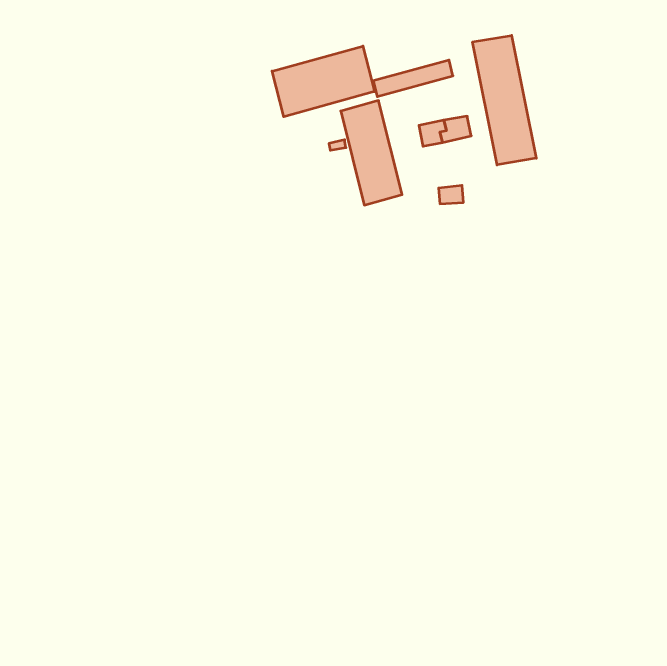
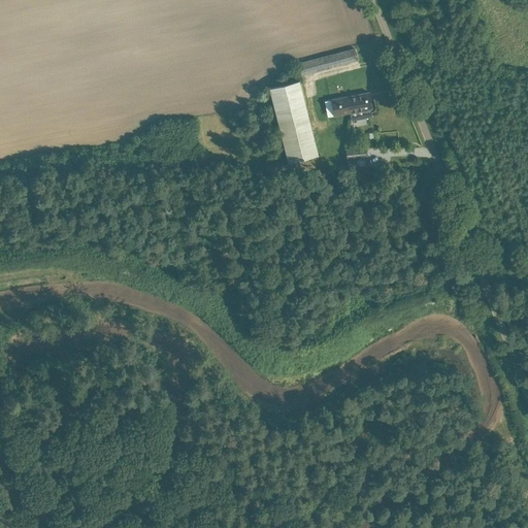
building: [473,35,536,165] -> none
building: [272,46,374,117] -> none

